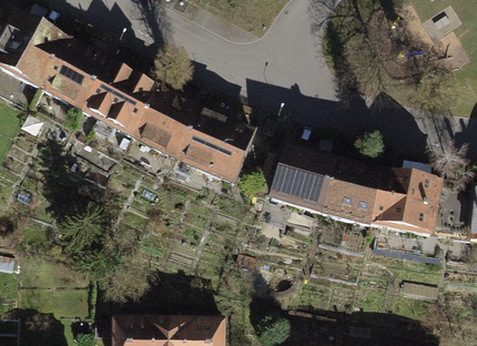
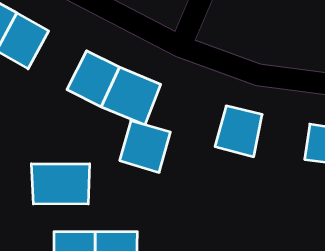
building: [82,60,158,135] -> none
building: [272,142,337,208] -> [120,121,170,172]
building: [373,167,438,233] -> none
building: none -> [31,164,90,204]

